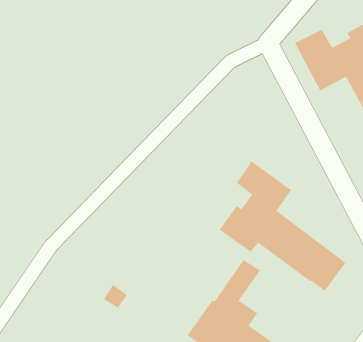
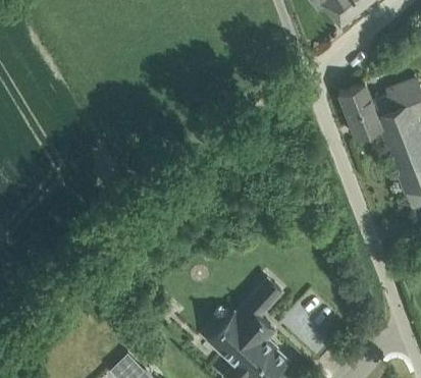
building: [219,160,346,292] -> none

